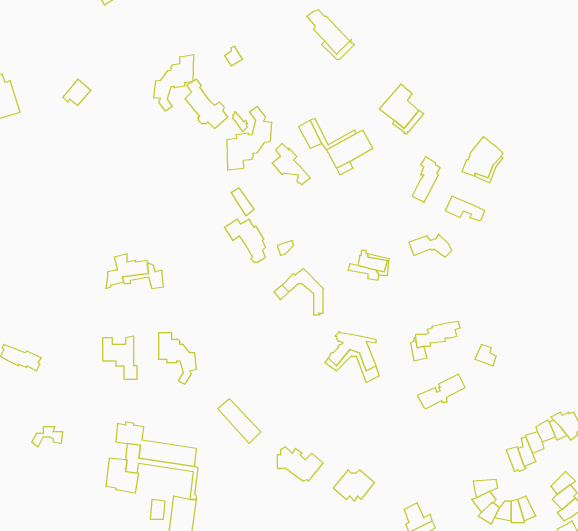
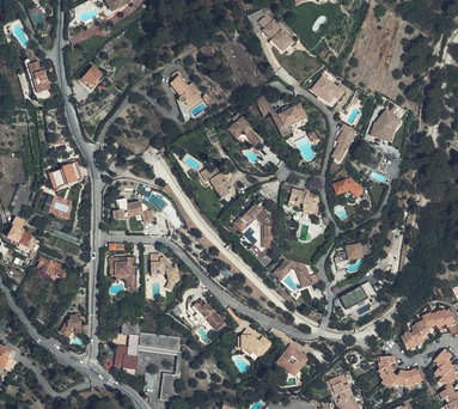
building: [154,55,193,111] -> none
building: [227,107,271,170] -> none
building: none -> [48,159,81,189]

